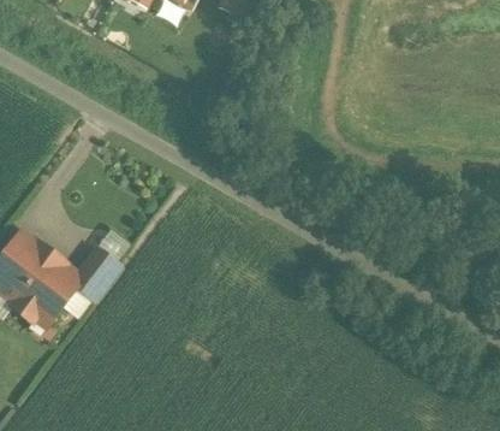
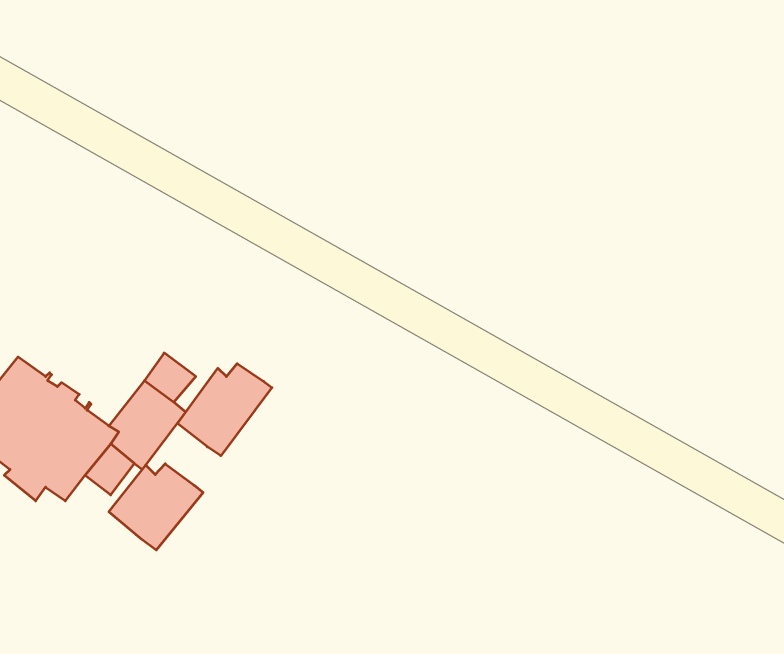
building: none -> [177,364,272,456]
building: none -> [109,464,203,550]

